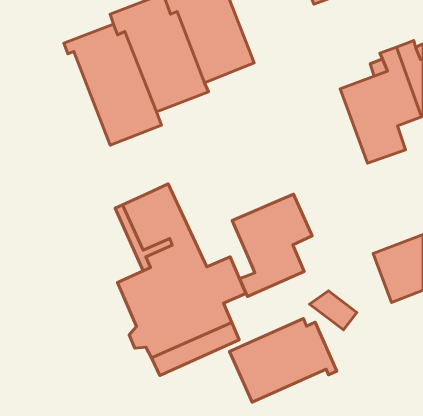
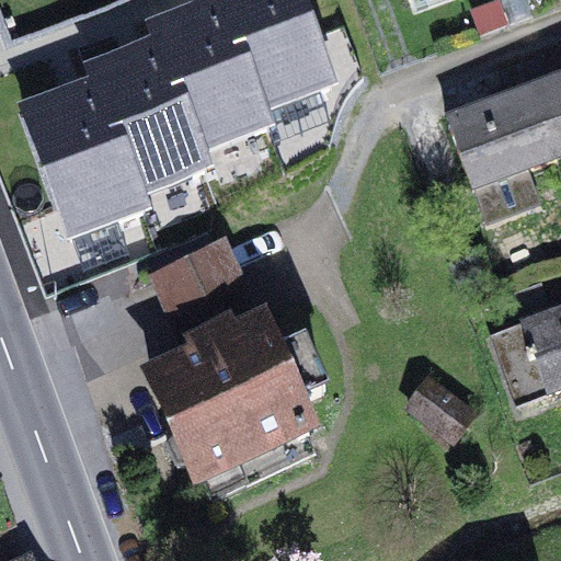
building: none -> [18,68,151,234]
building: [232,194,312,297] -> none
building: [230,319,337,402] -> none

